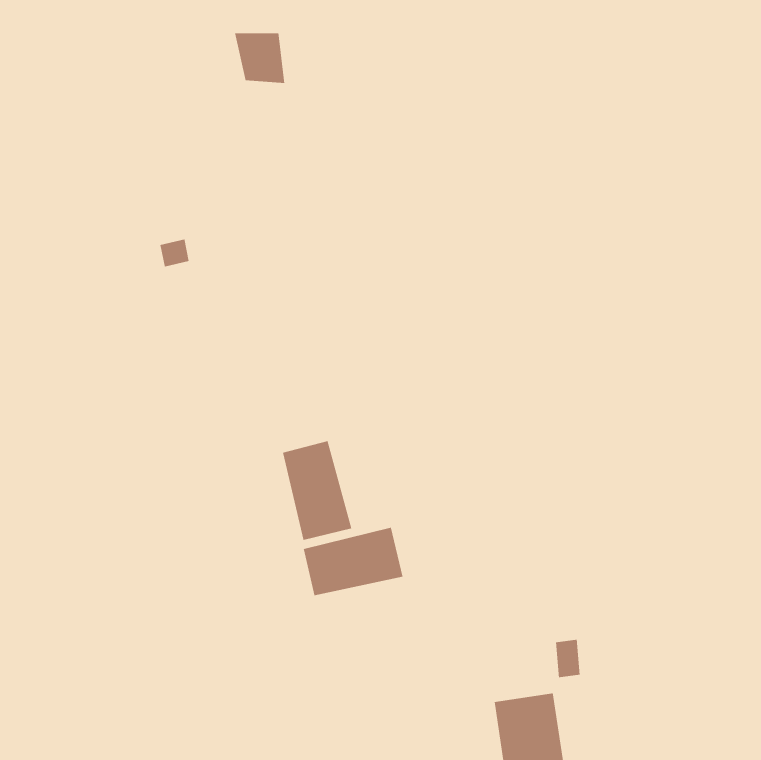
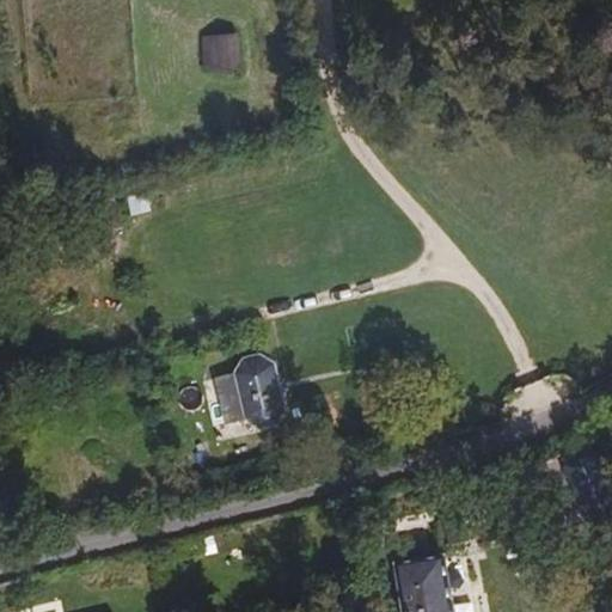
building: [303,527,403,596] -> none

